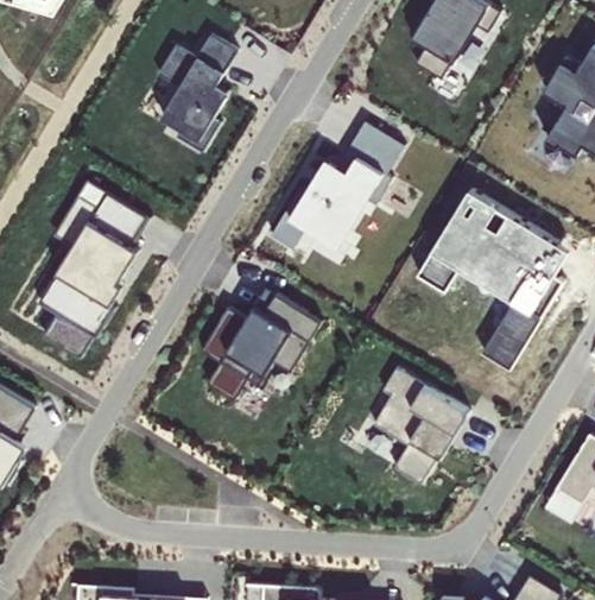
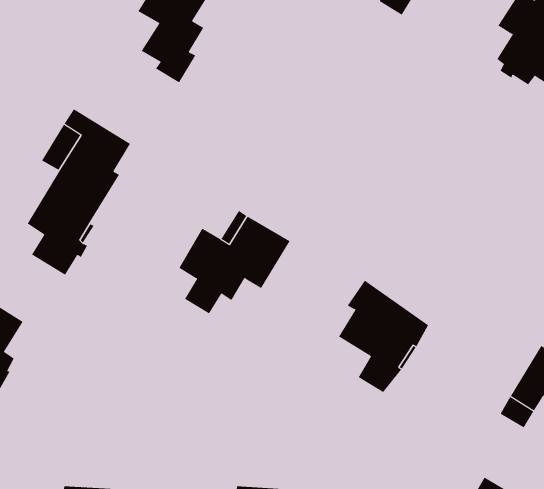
building: [270,120,404,248] -> none
building: [417,189,563,368] -> none

